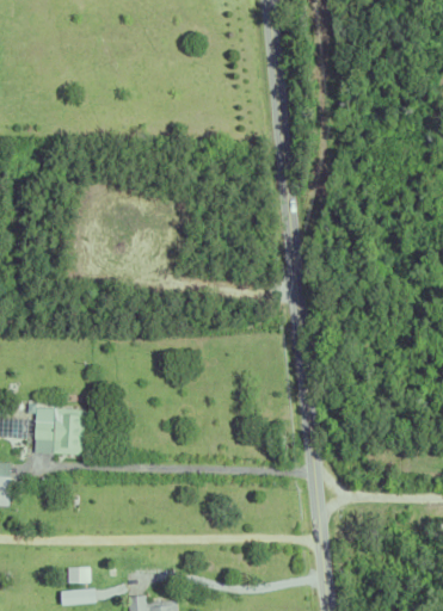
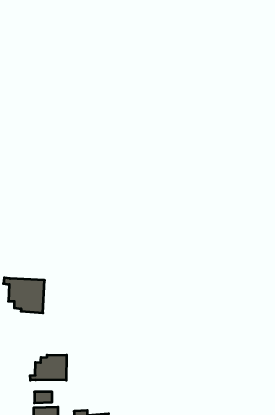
building: none -> [30,355,67,380]

